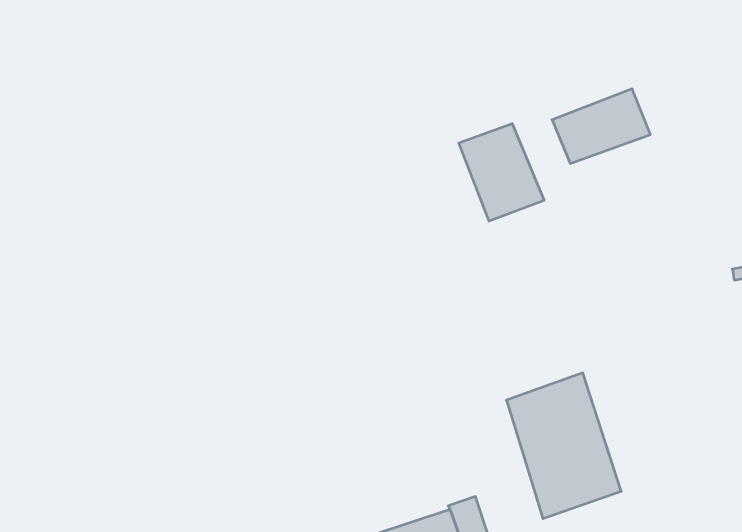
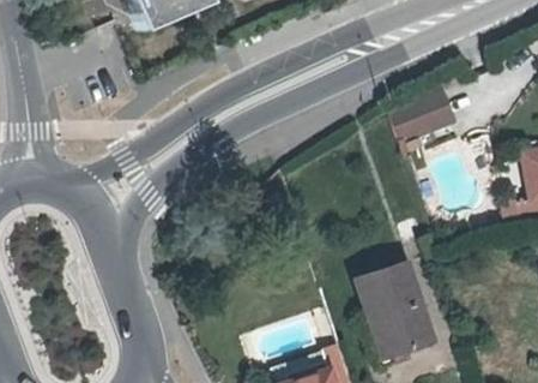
building: [459,124,544,221] -> none

